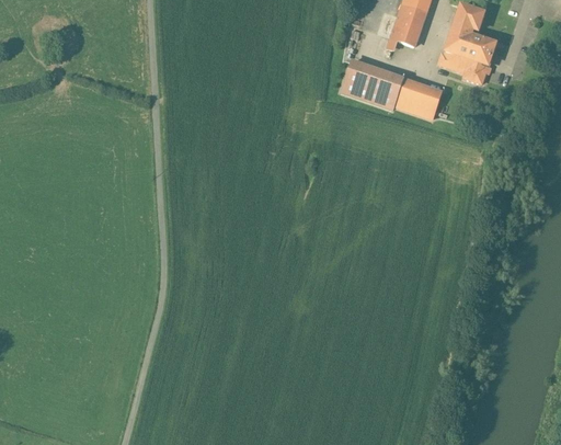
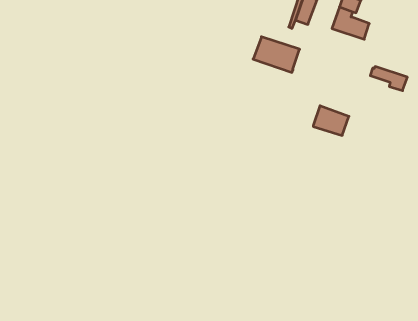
building: [439,49,489,81] -> [370,67,407,91]
building: [394,77,442,116] -> [313,106,349,135]

